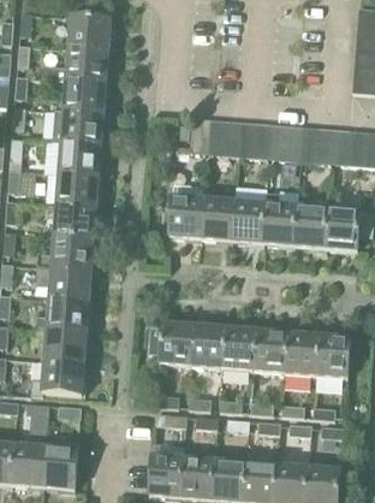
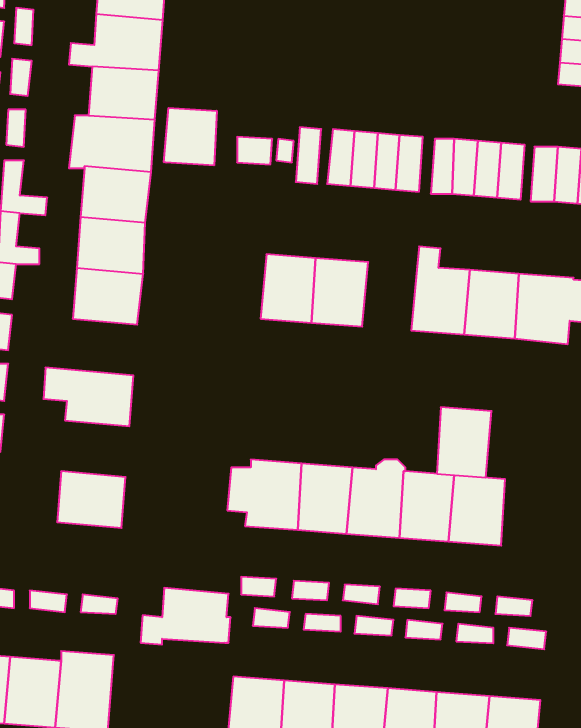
building: none -> [164,108,217,165]
building: [231,201,264,243] -> none
building: [36,236,93,271] -> none
building: [35,298,88,333] -> none
building: [316,335,350,378] -> [437,407,492,478]
building: [29,361,84,396] -> [141,588,231,645]

